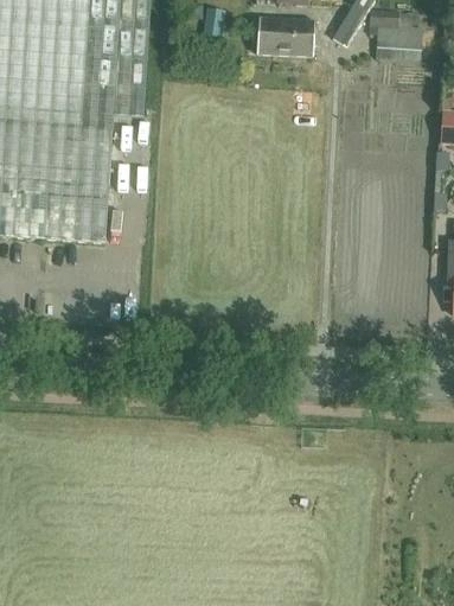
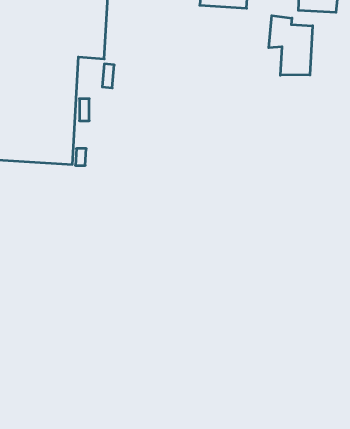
building: none -> [269,16,313,75]

